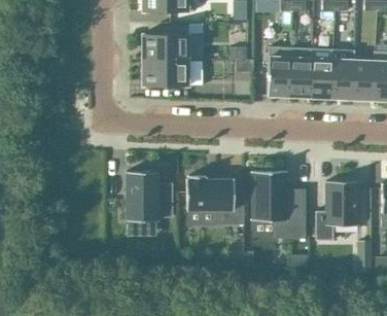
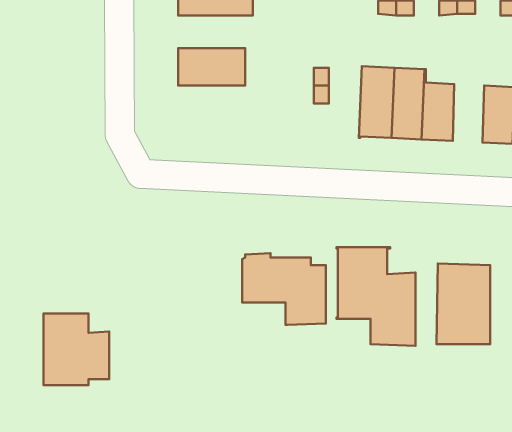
building: [331,59,353,99] -> none
building: [142,60,188,85] -> none
building: [127,171,172,220] -> [44,314,109,385]

